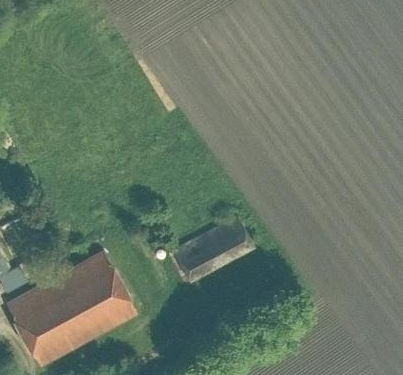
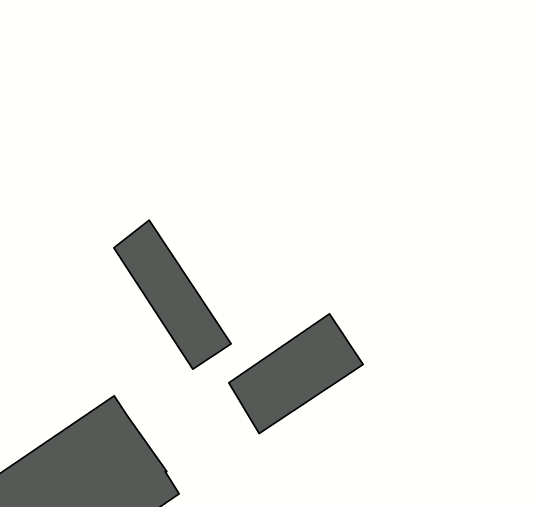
building: none -> [114,220,231,369]

